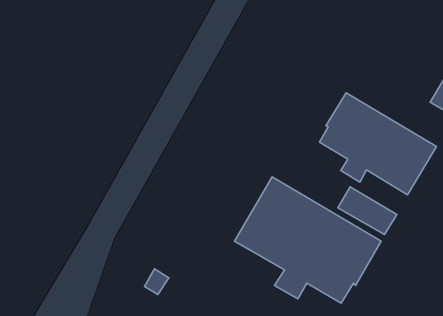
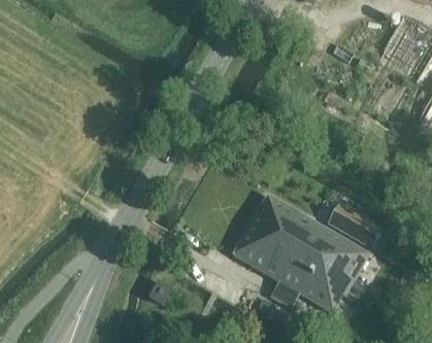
building: [320,93,436,195] -> none

